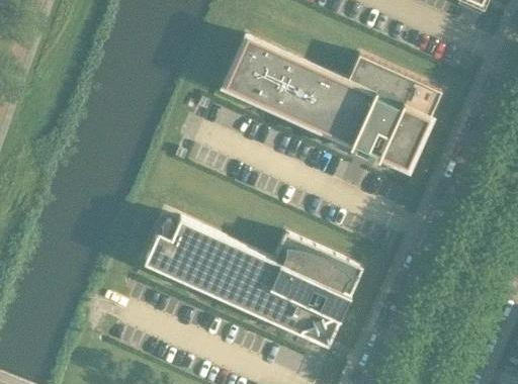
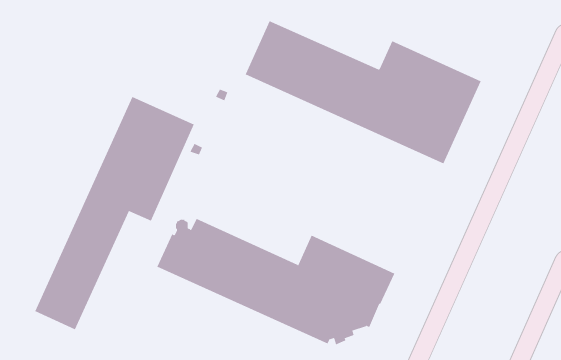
building: none -> [35,96,195,330]

